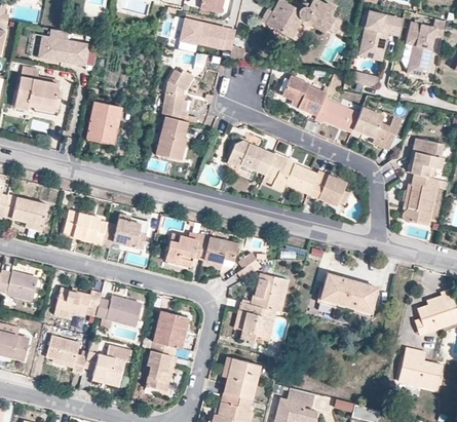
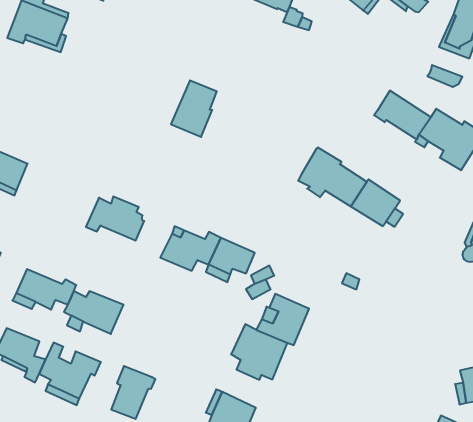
building: [161,69,194,121] -> none
building: [282,76,327,115] -> none
building: [86,101,122,144] -> none
building: [227,141,273,175] -> none
building: [62,209,108,245] -> none
building: [320,274,377,311] -> none
building: [150,311,189,355] -> none

